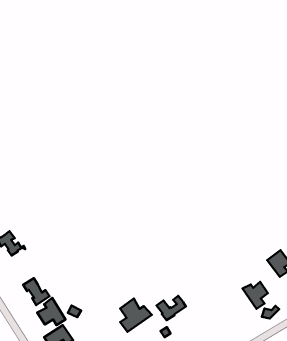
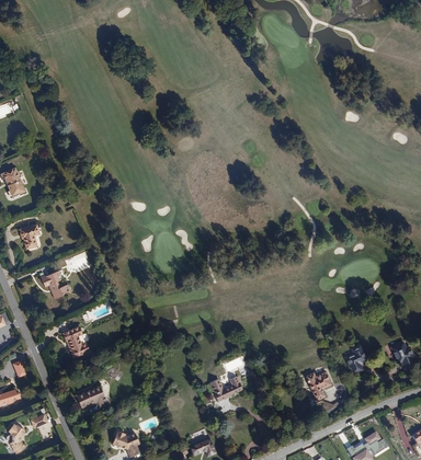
building: [37,298,66,325] -> none
building: [120,299,152,332] -> none

